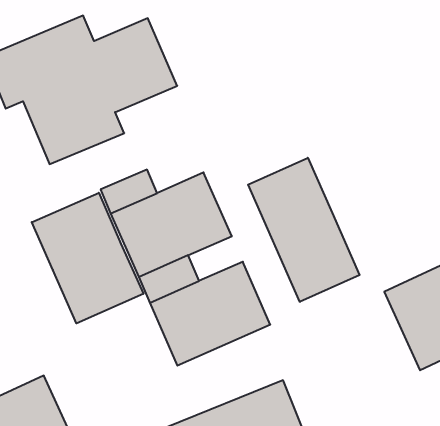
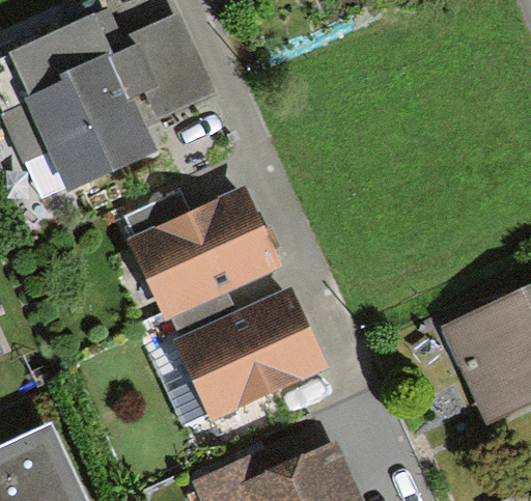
building: [248,158,360,302] -> none
building: [32,193,143,323] -> none

